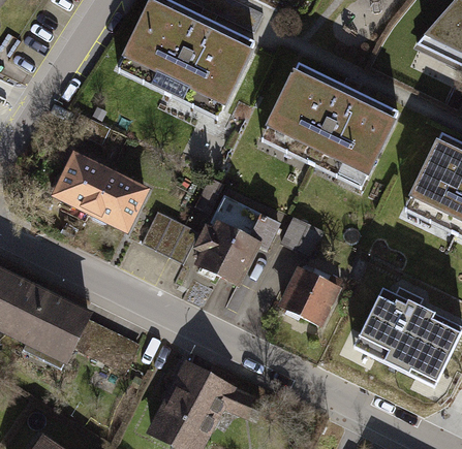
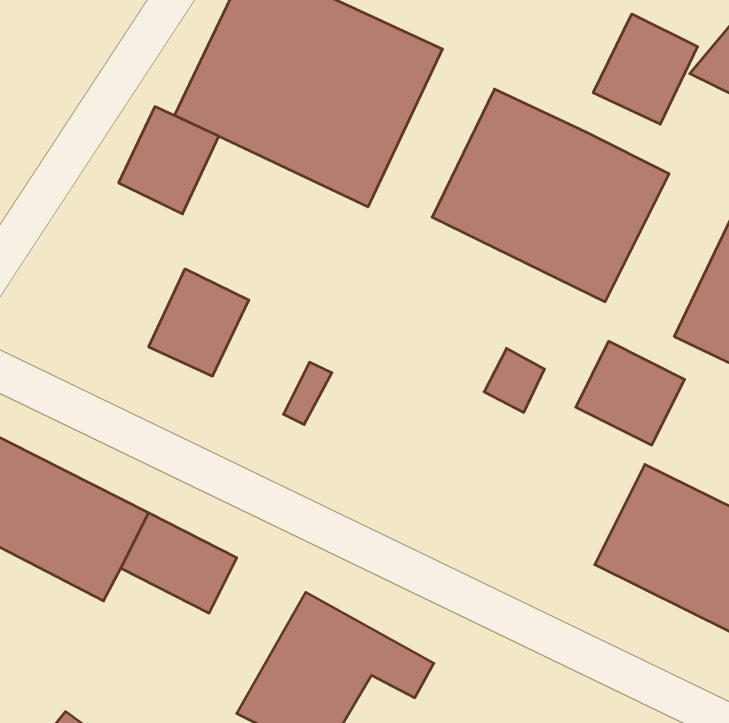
building: none -> [593,14,698,124]
building: [52,151,112,215] -> [119,107,219,214]
building: [190,193,284,286] -> none
building: [142,210,186,255] -> none
building: [274,266,339,328] -> [576,341,685,445]

